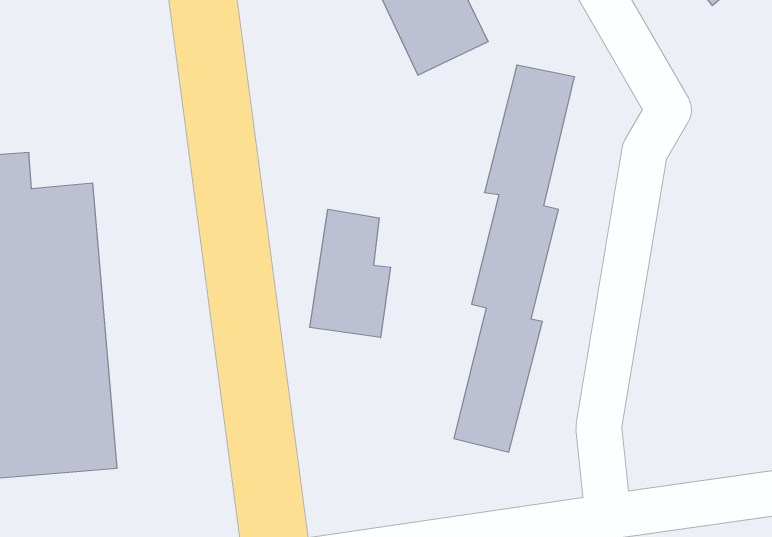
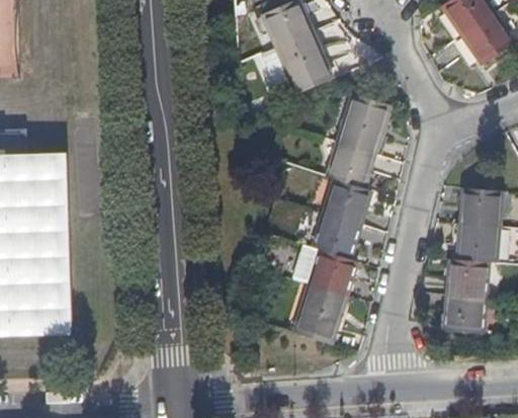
building: none -> [440,188,500,334]
building: [310,209,390,338] -> none

